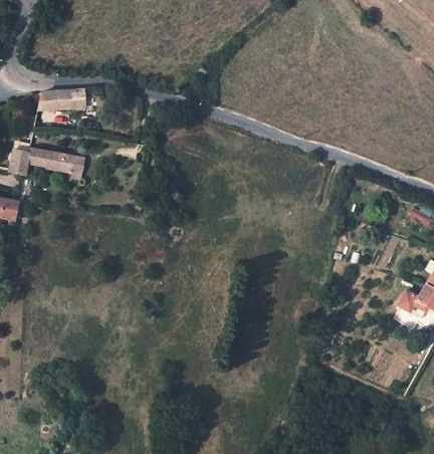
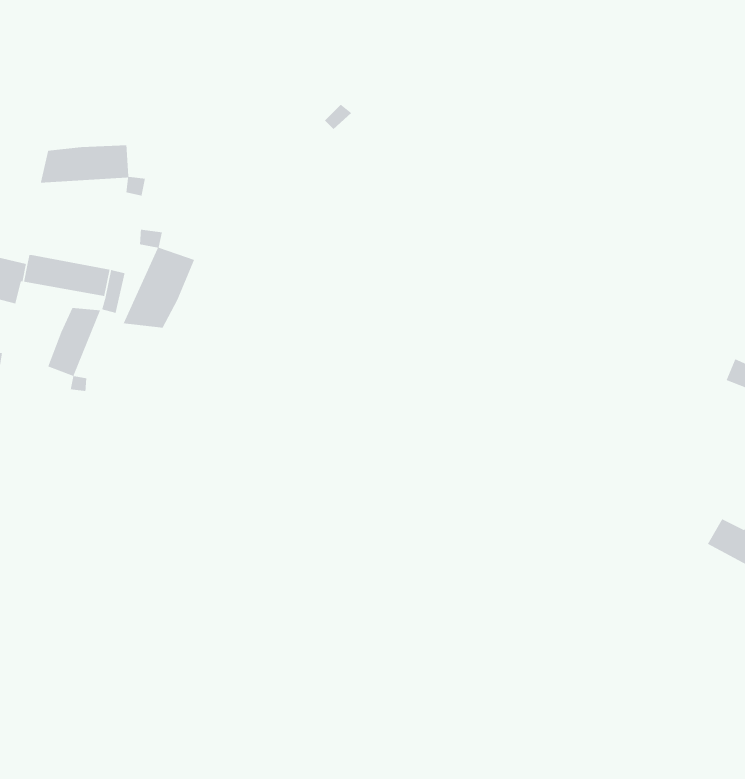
building: none -> [122,229,195,328]
building: none -> [47,307,101,392]

